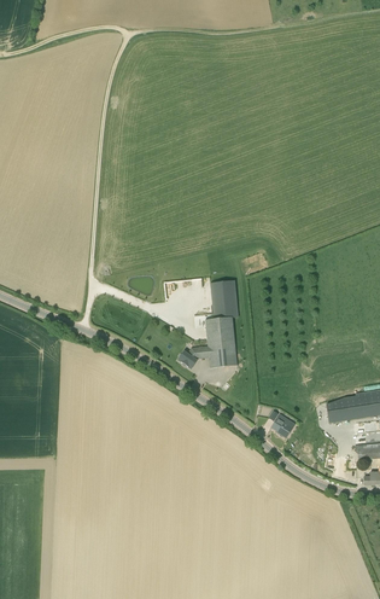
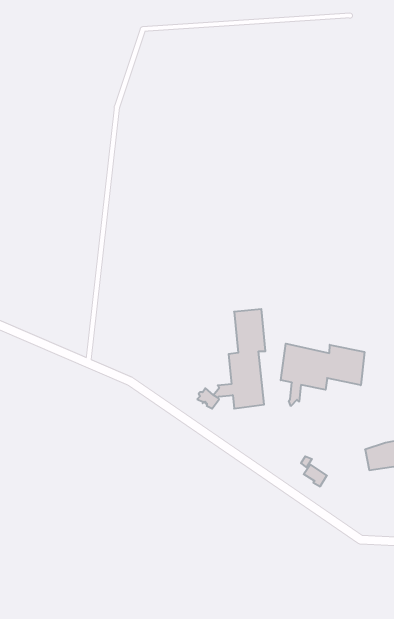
building: none -> [281,344,364,406]

